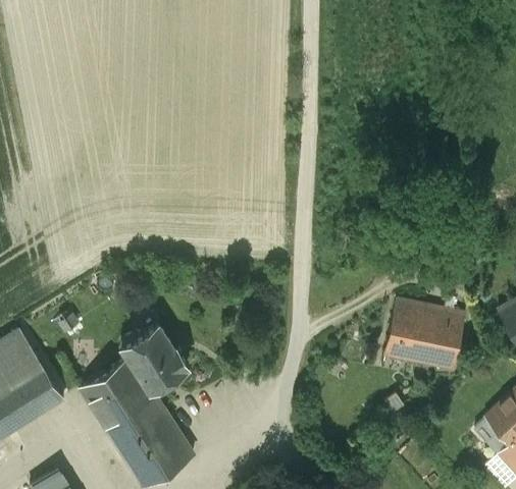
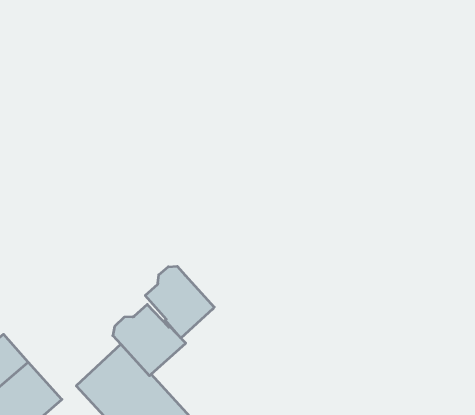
building: none -> [145,266,214,338]
building: [384,301,465,370] -> none

